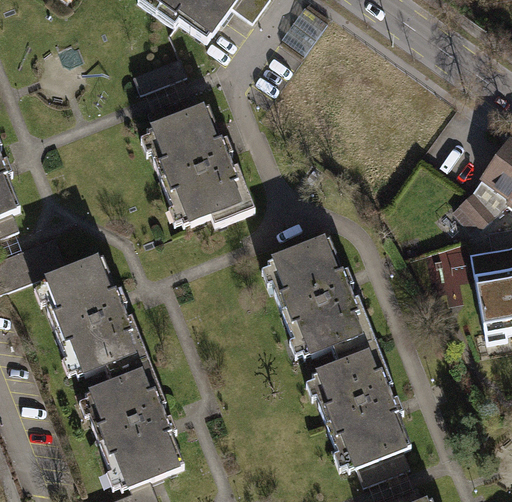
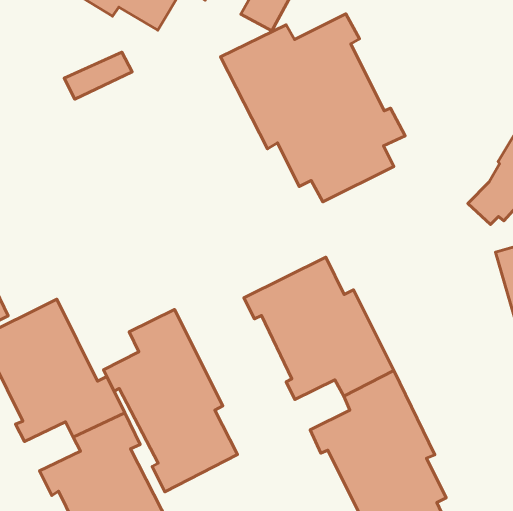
building: none -> [221,14,405,202]
building: [138,98,255,228] -> none
building: none -> [104,309,238,492]

